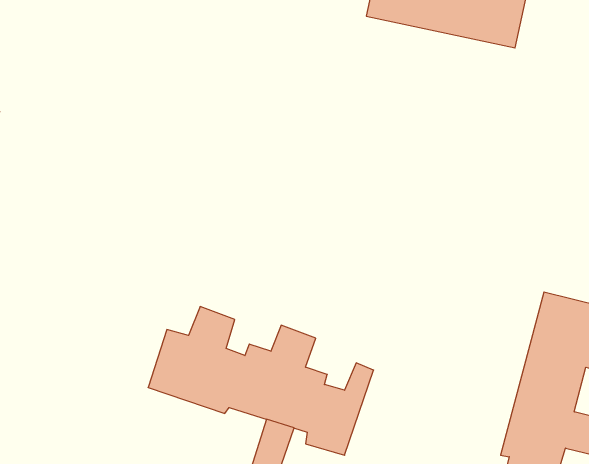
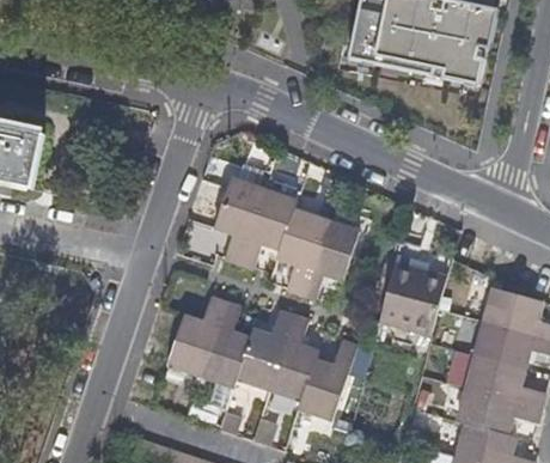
building: none -> [216,176,358,298]
building: none -> [379,263,446,335]

